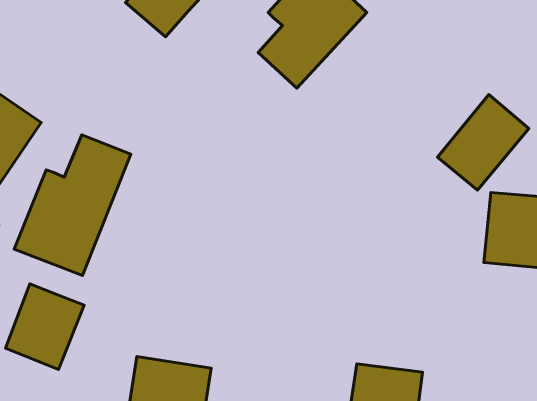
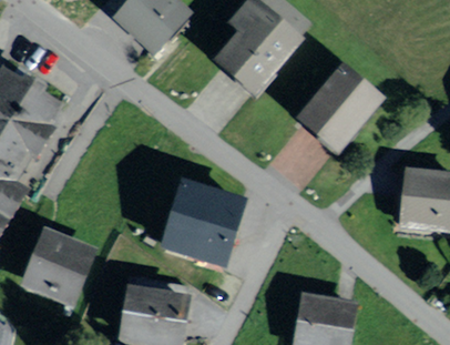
building: [438,94,529,190] -> [303,72,374,146]
building: [14,135,131,275] -> none
building: none -> [164,186,237,263]

